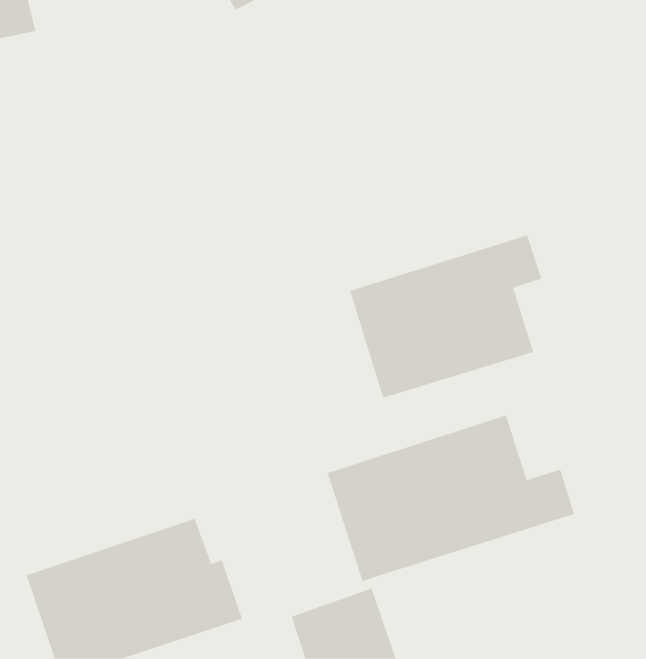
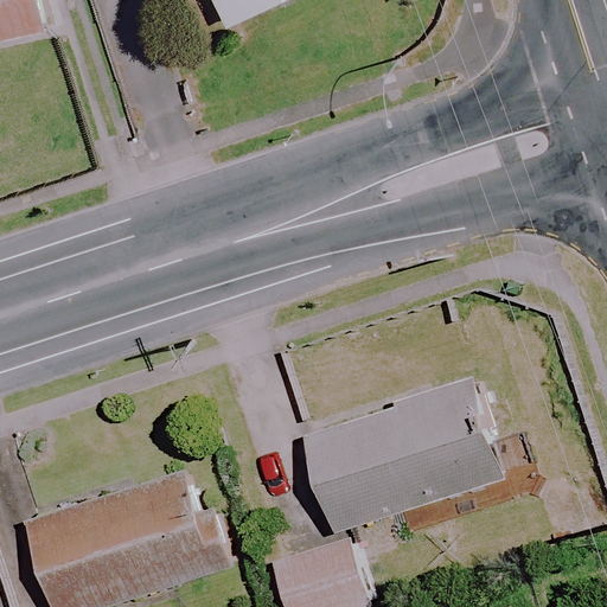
building: [350,235,542,398] -> none

